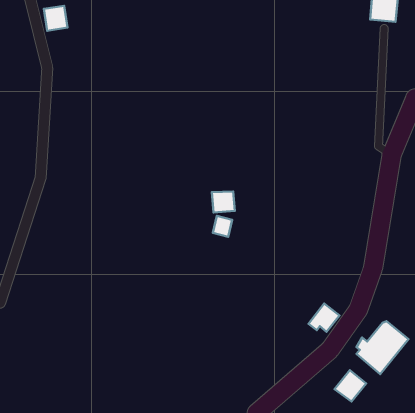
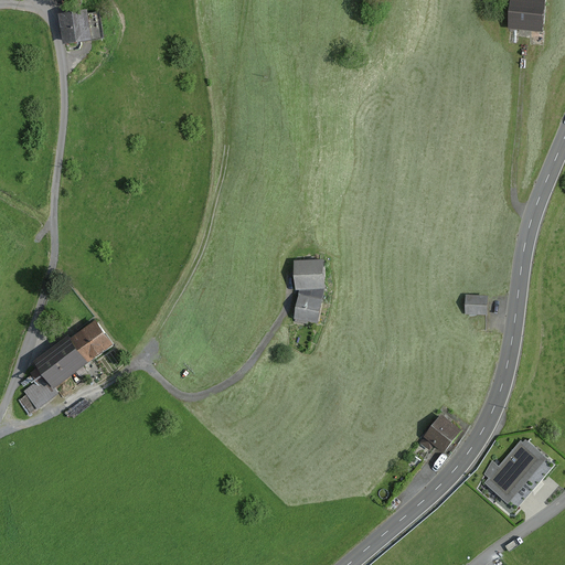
building: none -> [463,292,487,315]
building: none -> [29,319,118,409]
building: [334,370,366,402] -> none

